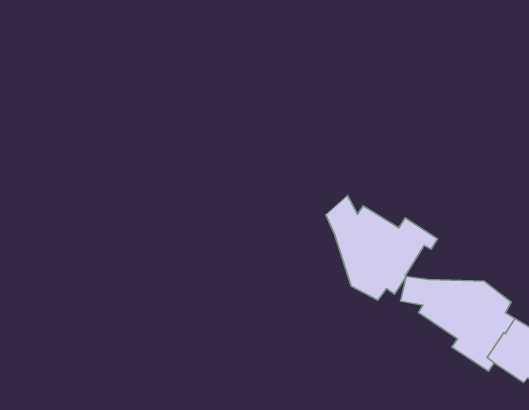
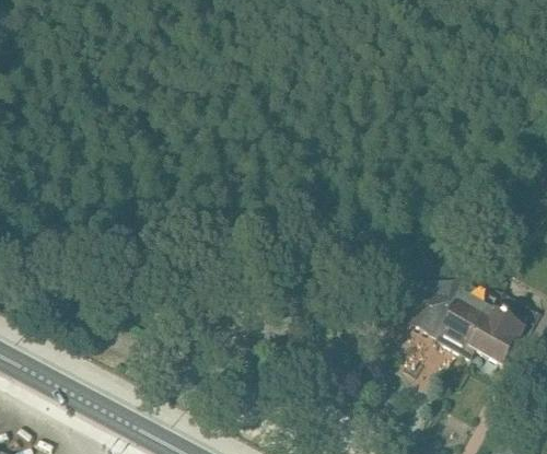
building: [326,195,438,300] -> none

